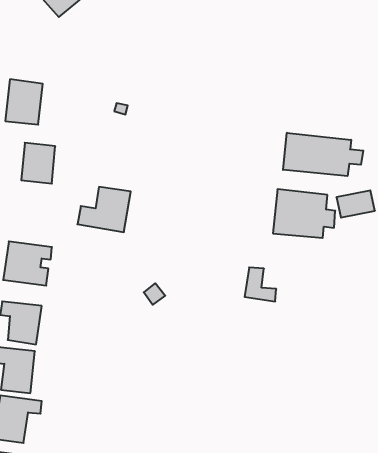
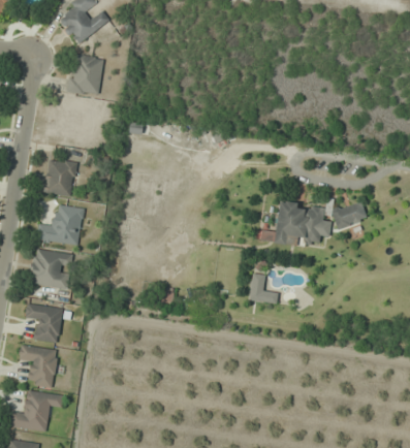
building: [5,79,43,125] -> [68,54,102,95]
building: [283,133,363,176] -> none
building: [77,187,131,232] -> [35,204,84,246]

